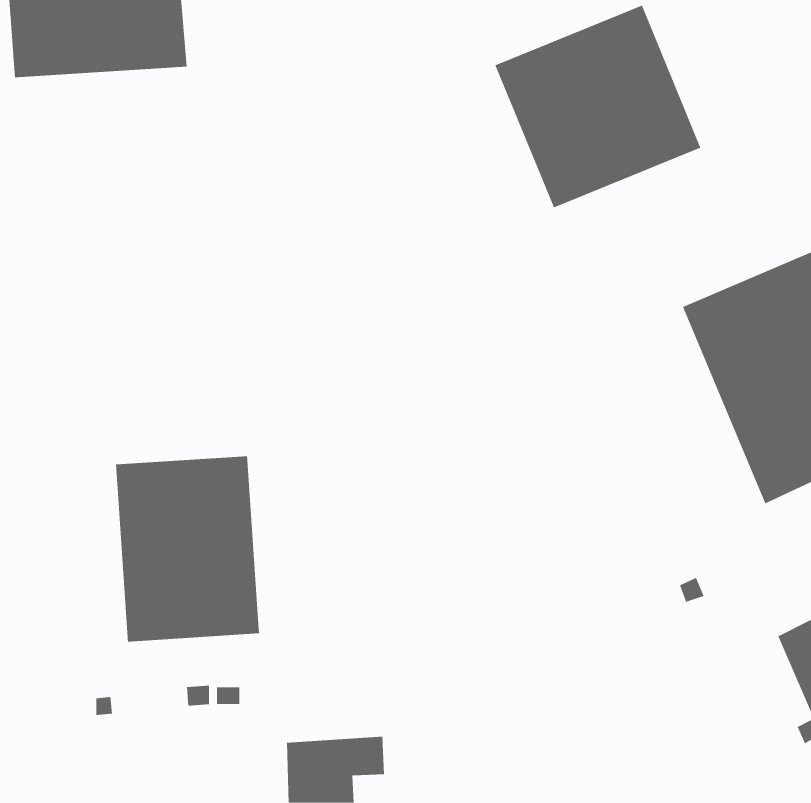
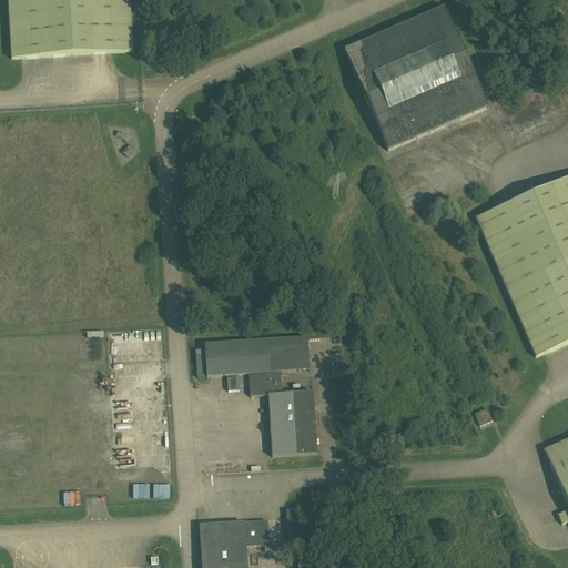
building: [116,455,259,642] -> none
building: none -> [205,334,317,454]

